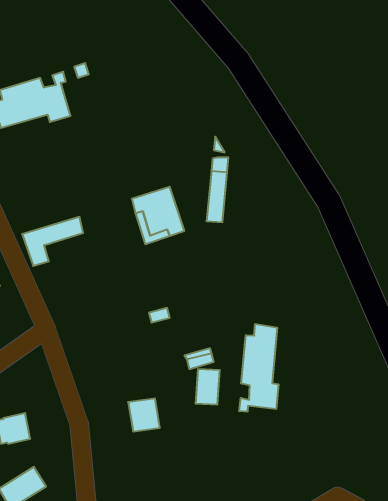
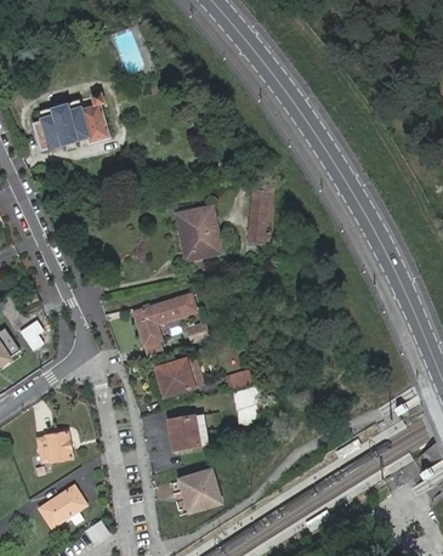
building: [22,217,83,266] -> [134,293,194,341]
building: [239,324,279,412] -> none
building: none -> [155,357,194,396]
building: none -> [180,471,221,512]

